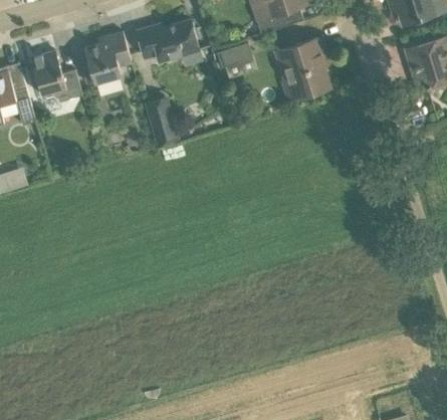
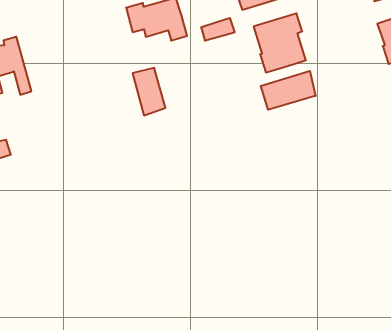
building: [82,31,132,83] -> none
building: [31,50,82,101] -> none
building: none -> [261,71,316,110]

